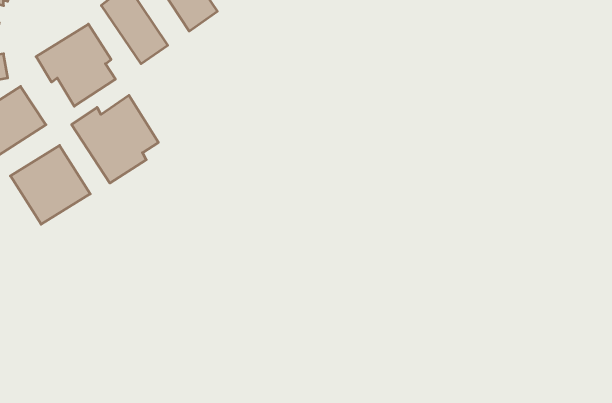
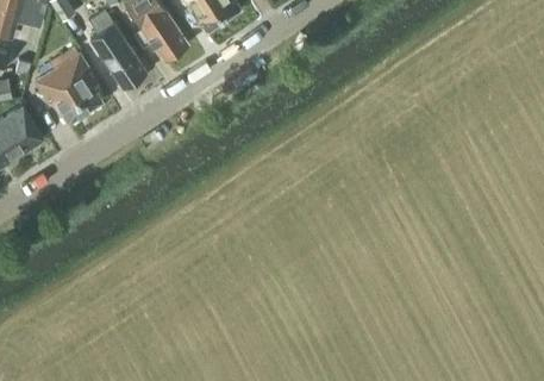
building: [72,95,158,183] -> none
building: [10,145,90,224] -> none

